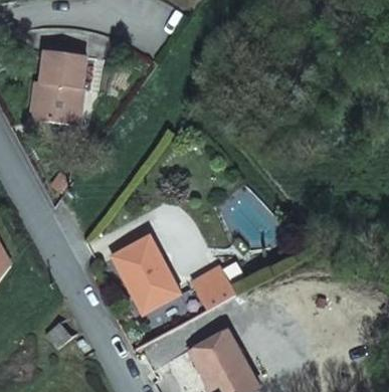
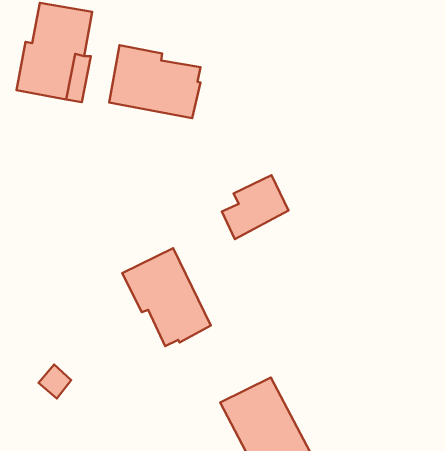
building: none -> [109,45,200,118]
building: [182,267,233,317] -> [222,175,288,239]

